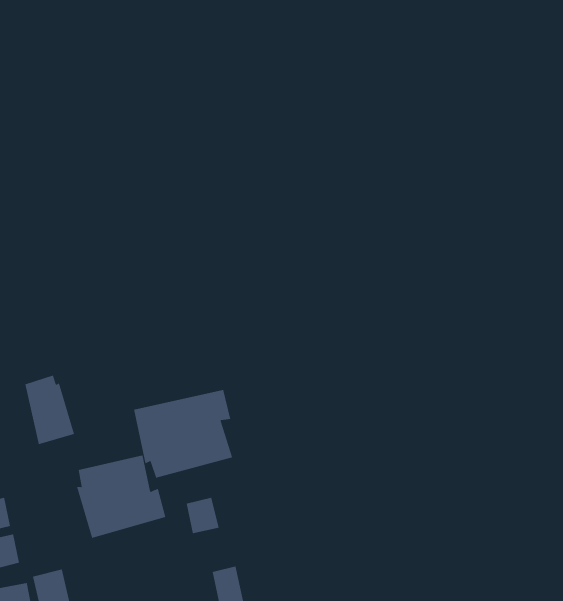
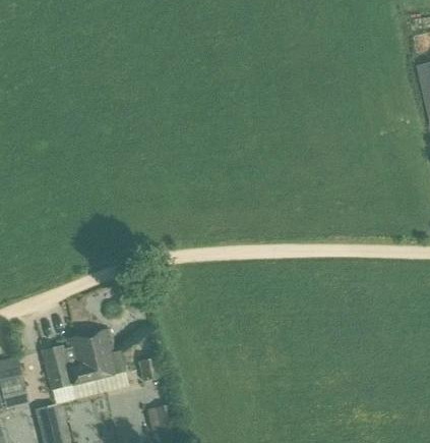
building: [24,375,75,445] -> [40,345,73,392]
building: [134,389,233,479] -> none

